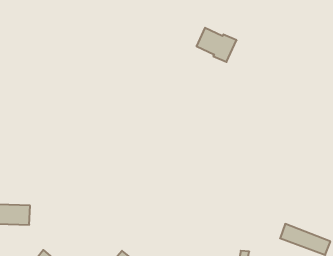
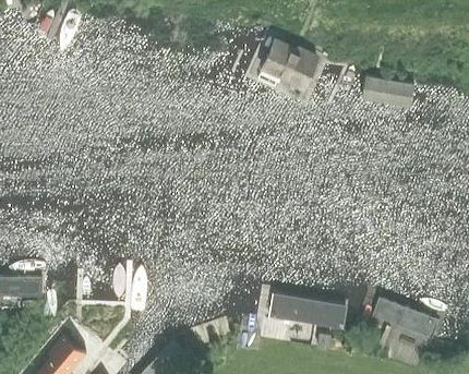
building: none -> [269,294,347,329]

